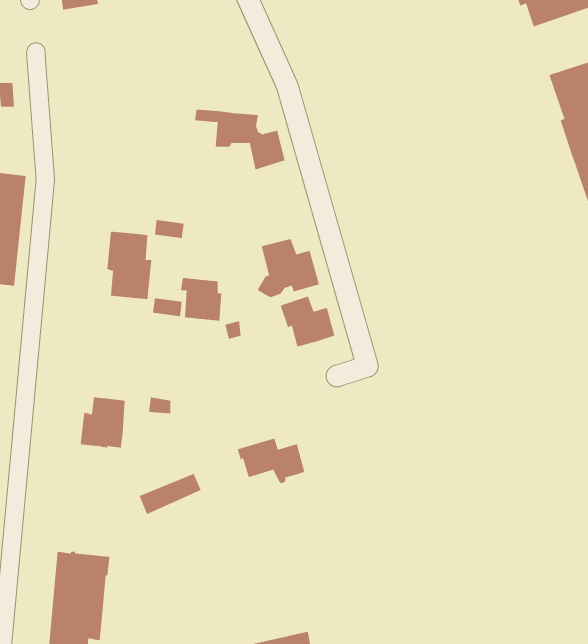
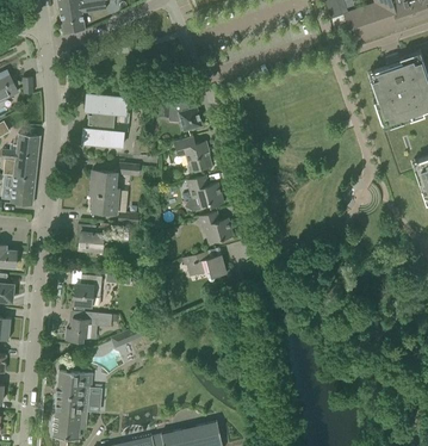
building: none -> [82,94,128,147]
building: none -> [175,136,213,172]
building: [180,277,222,321] -> [77,224,104,252]
building: [237,438,305,484] -> [184,252,227,280]
building: none -> [66,312,112,342]

